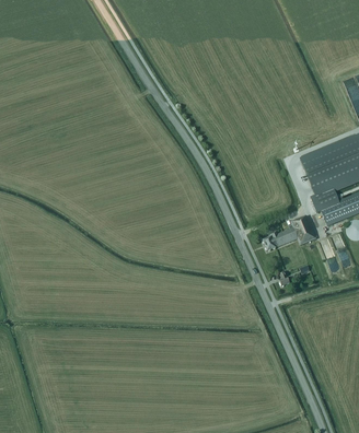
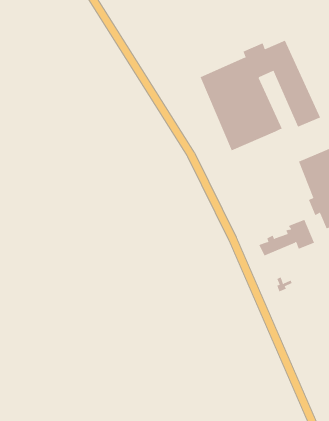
building: none -> [200,40,321,151]

